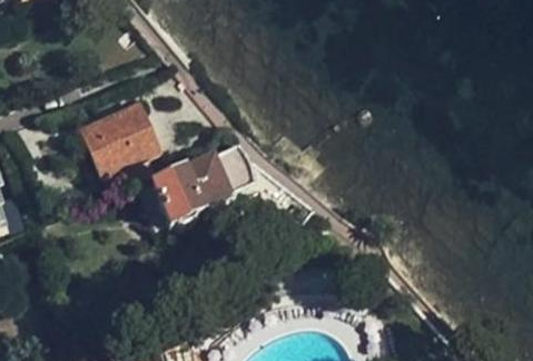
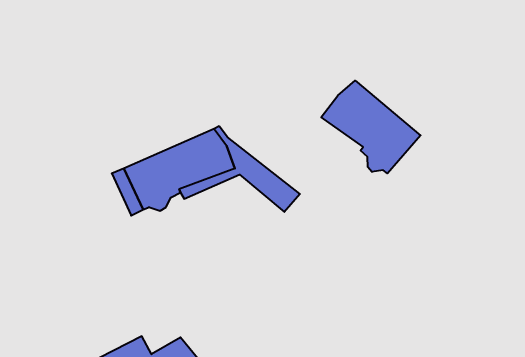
building: [79,105,152,175] -> none
building: none -> [321,81,421,173]

